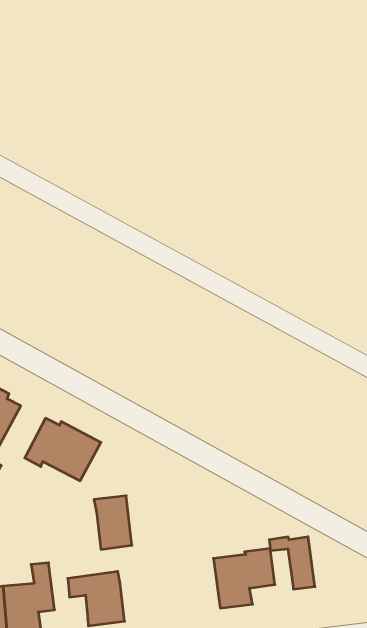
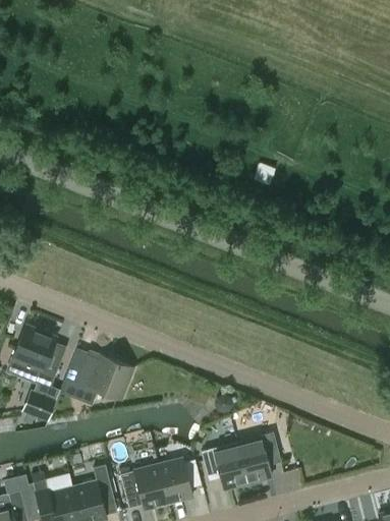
building: [94,496,132,549] -> [157,459,190,503]
building: [269,537,315,589] -> [200,446,239,487]

